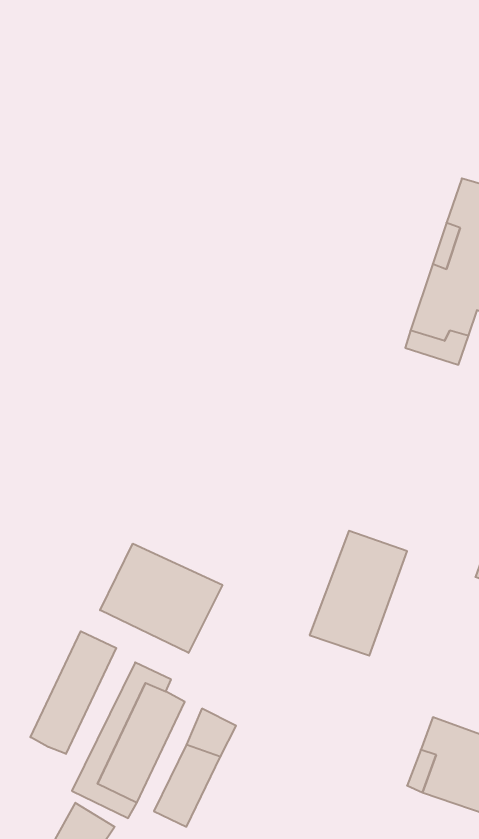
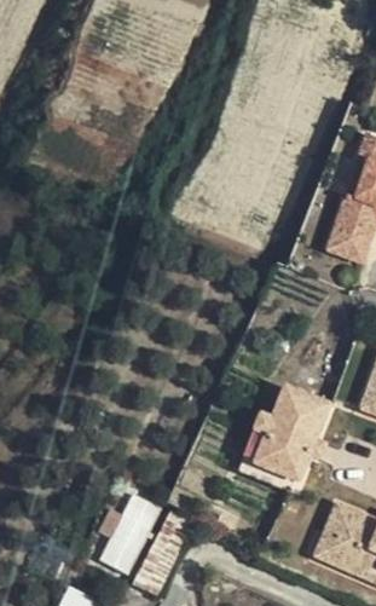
building: [100,544,222,653] -> none
building: [30,631,116,754] -> none

